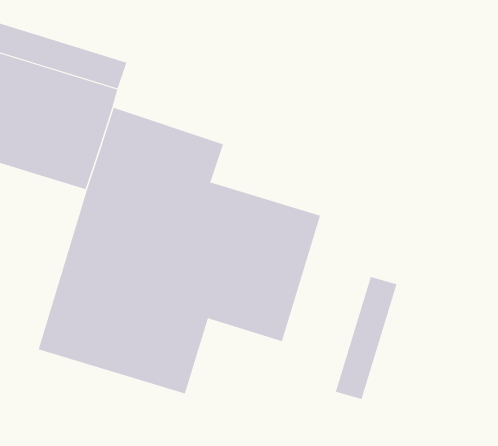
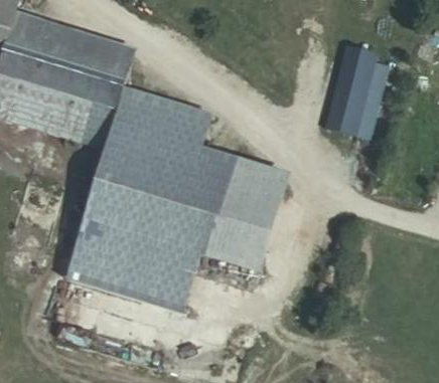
building: none -> [324,46,389,140]
building: [335,276,397,400] -> none

